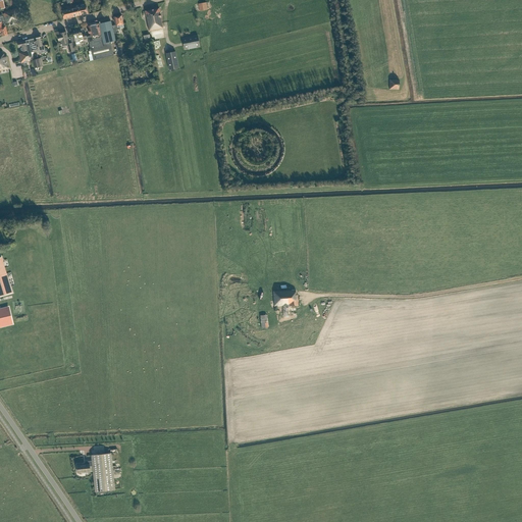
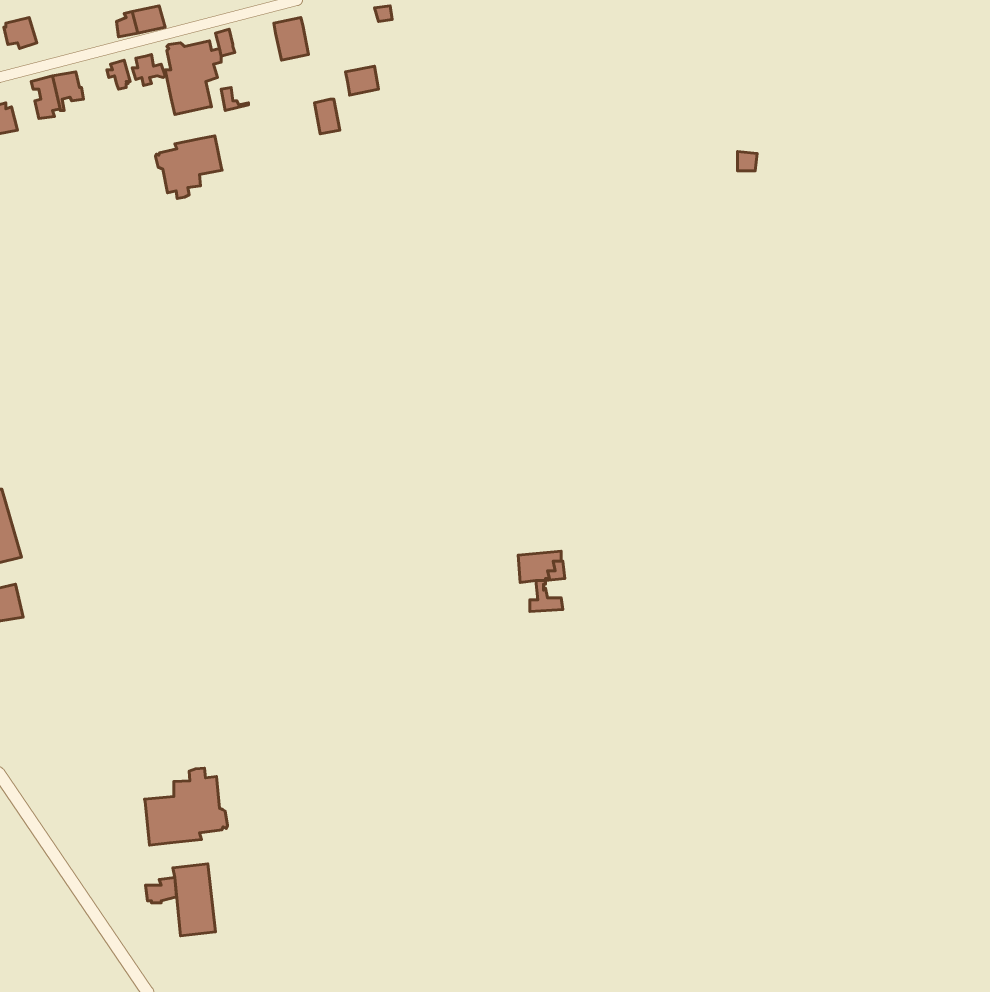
building: none -> [155,136,222,198]
building: none -> [144,768,227,845]

